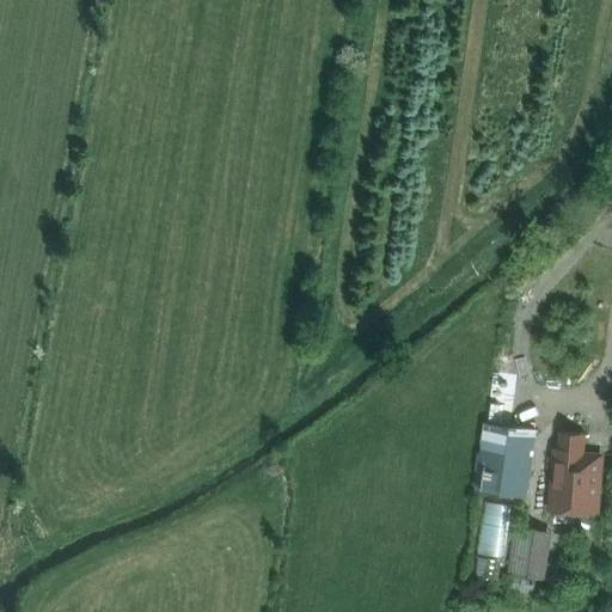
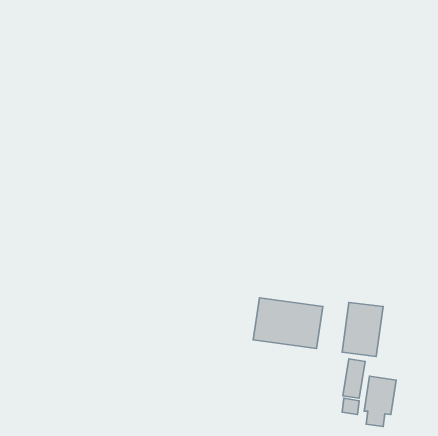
building: none -> [253,298,323,349]
building: [551,433,586,514] -> none

